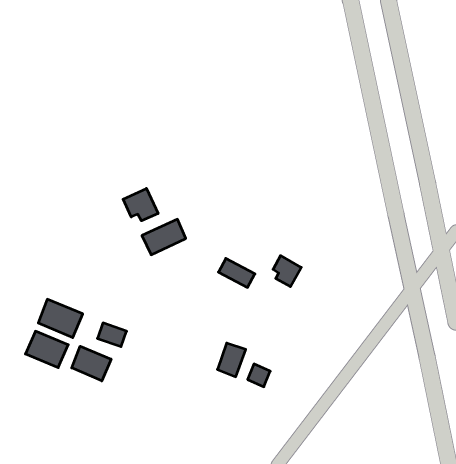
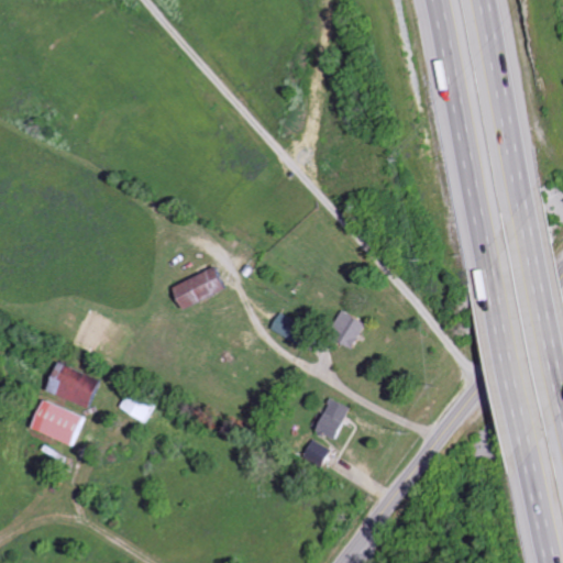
building: [123,188,158,221] -> none
building: [217,343,246,377] -> [313,399,347,440]
building: [72,346,111,381] -> none

